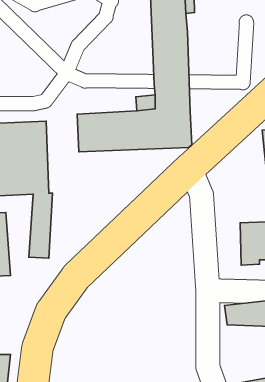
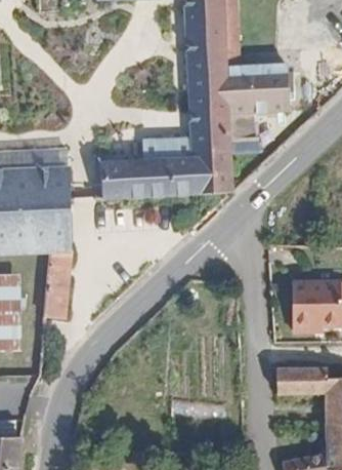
building: none -> [229,55,293,151]

